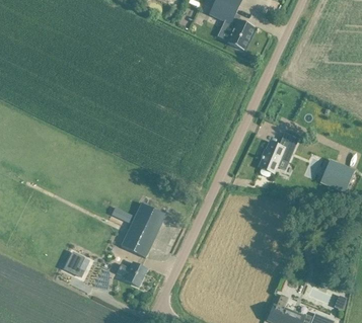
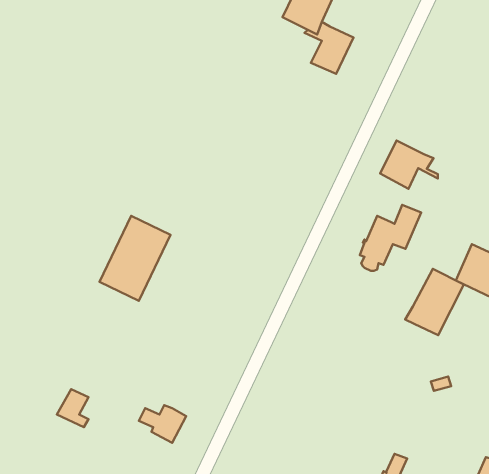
building: none -> [380,140,438,189]
building: none -> [405,269,464,335]
building: [120,203,165,257] -> [100,216,170,301]

